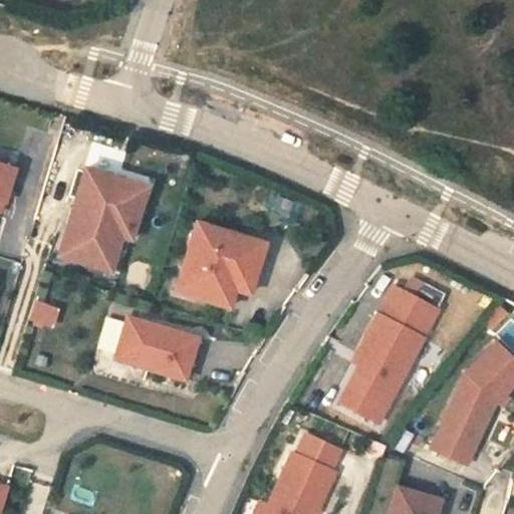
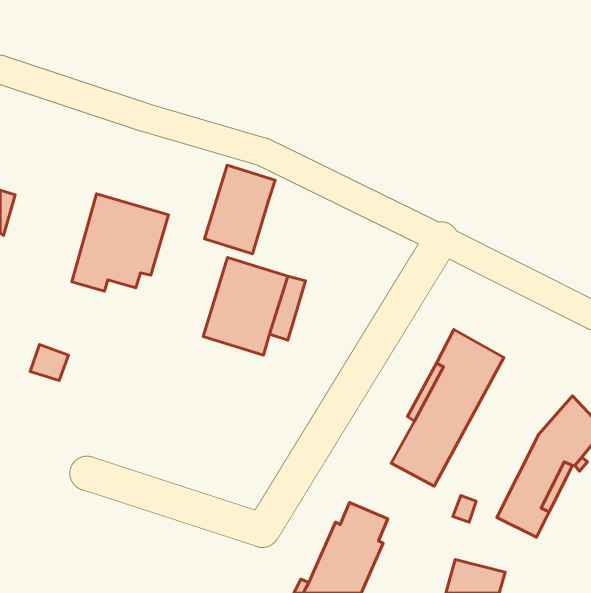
building: none -> [204,165,275,254]
building: [60,242,119,270] -> none
building: [115,316,199,379] -> none

